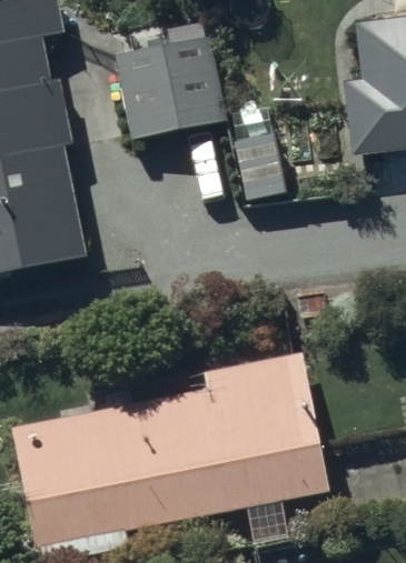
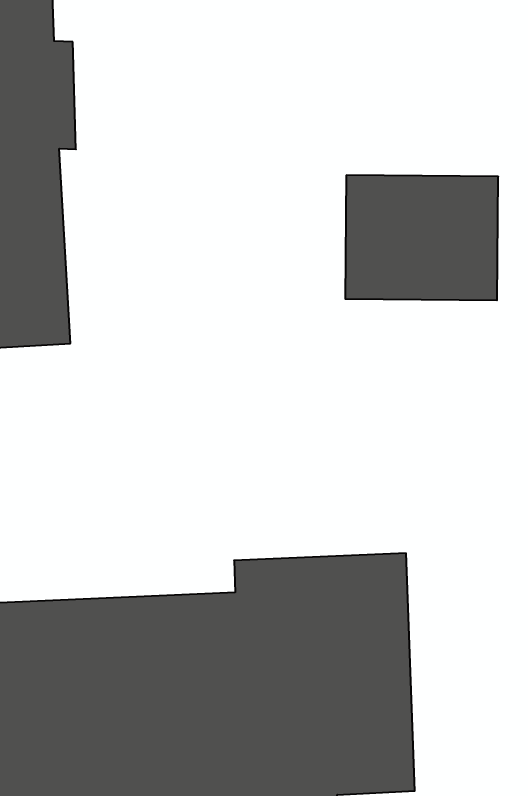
building: [115,34,228,137] -> none

